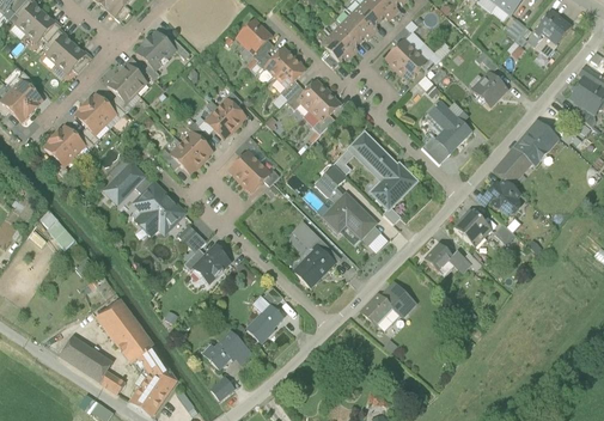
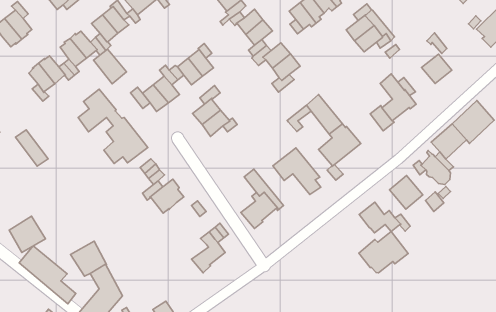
building: none -> [93,49,126,84]
building: [315,166,346,205] -> none
building: [361,282,415,329] -> [359,232,408,273]
building: [97,299,138,340] -> [9,216,45,252]
building: [201,332,251,368] -> none

